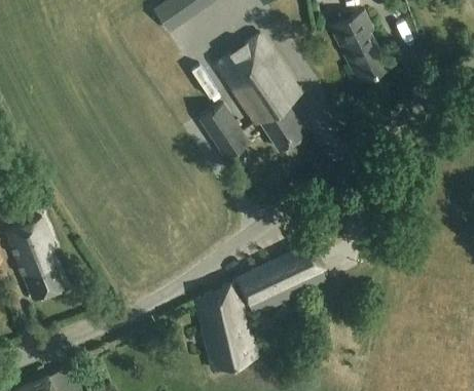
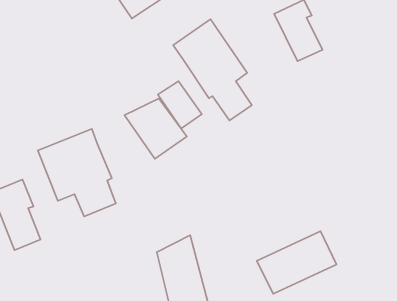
building: none -> [124,99,187,159]
building: none -> [38,129,116,216]
building: [234,244,326,316] -> [257,231,337,294]

